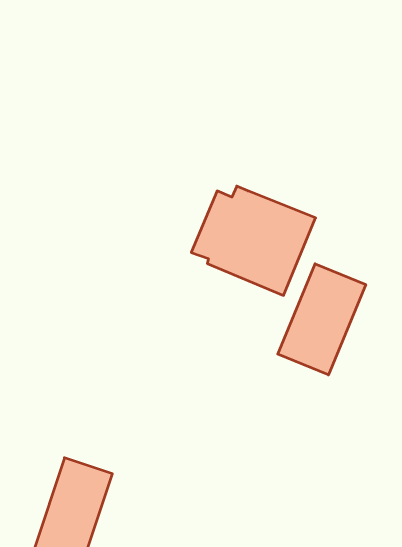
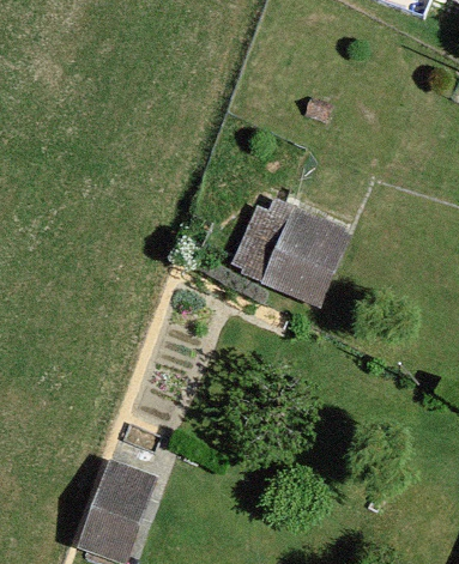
building: [278,264,366,375] -> none

